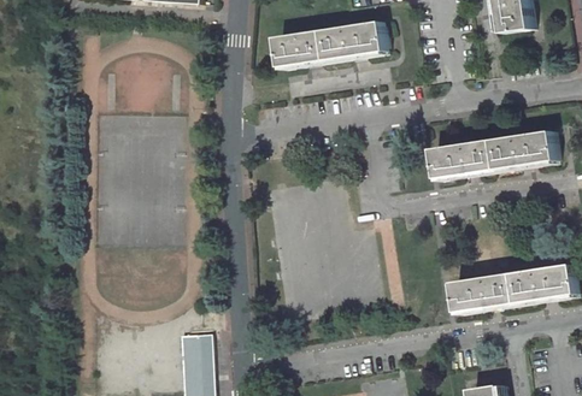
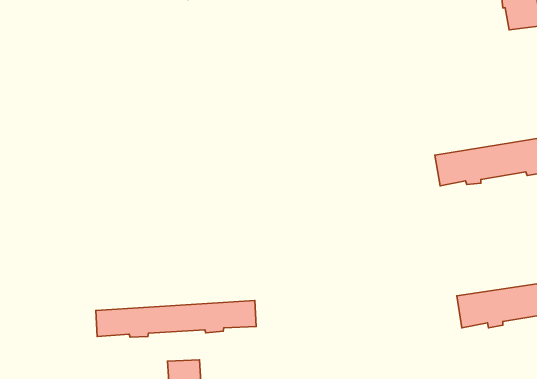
building: [275,20,384,66] -> none
building: none -> [96,301,256,337]

